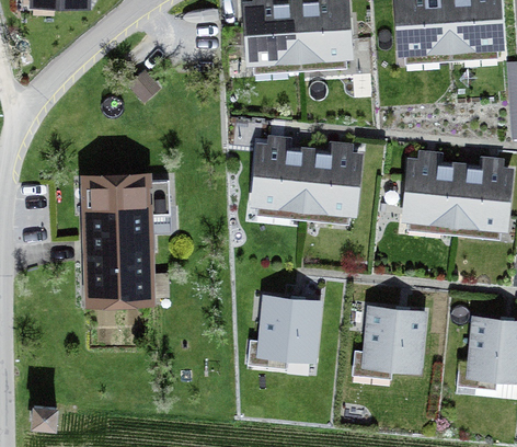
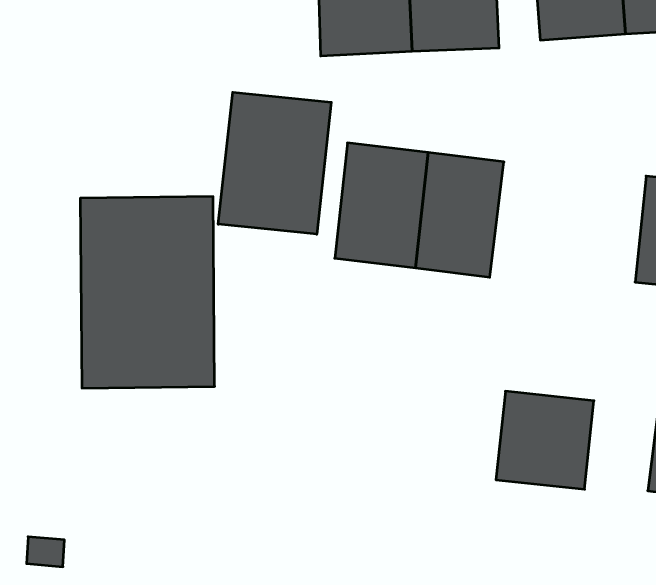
building: none -> [218,92,331,234]
building: [403,151,463,230] -> none
building: [253,297,319,367] -> none

